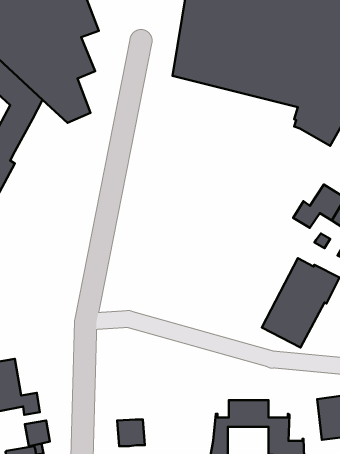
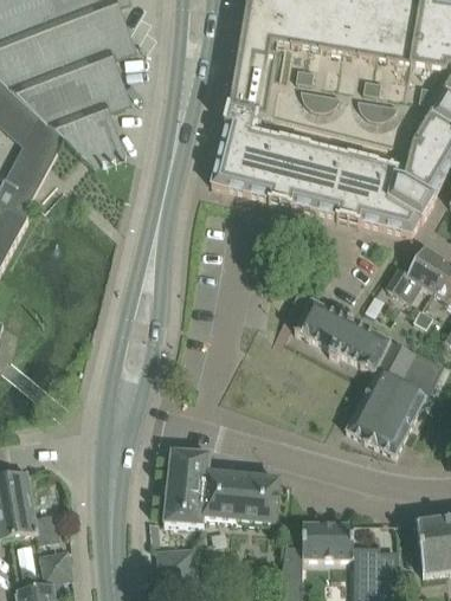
building: none -> [211,106,434,233]
building: none -> [270,290,391,373]
building: none -> [163,448,278,525]

